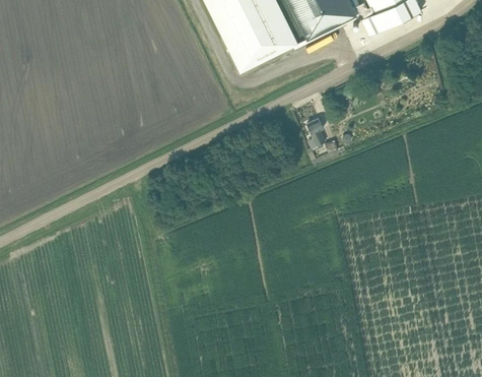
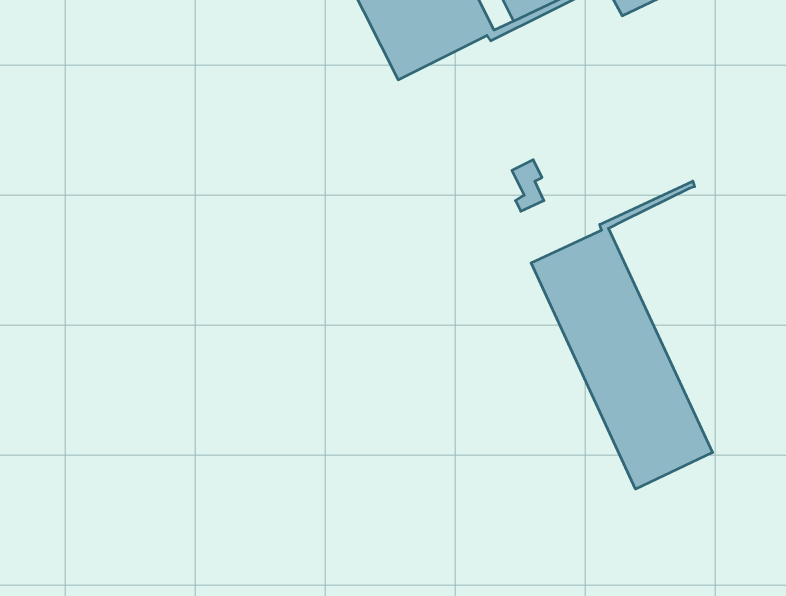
building: none -> [531,181,713,489]

